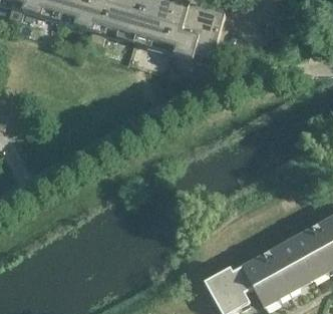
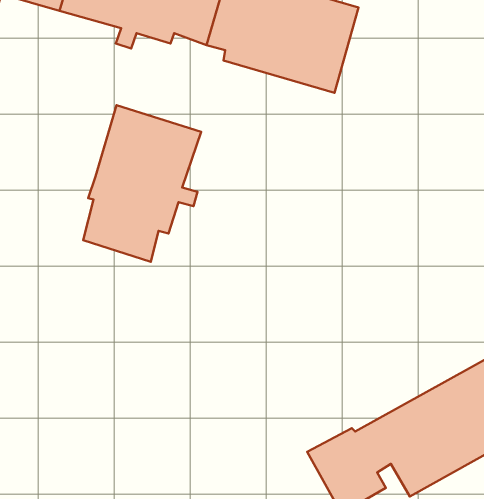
building: none -> [83,105,201,262]

